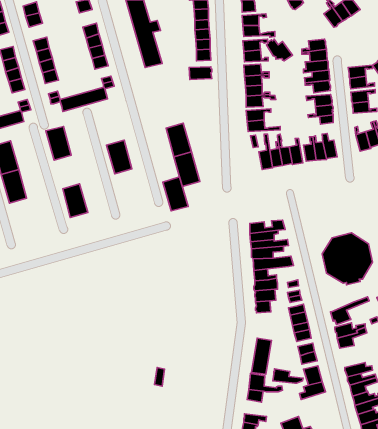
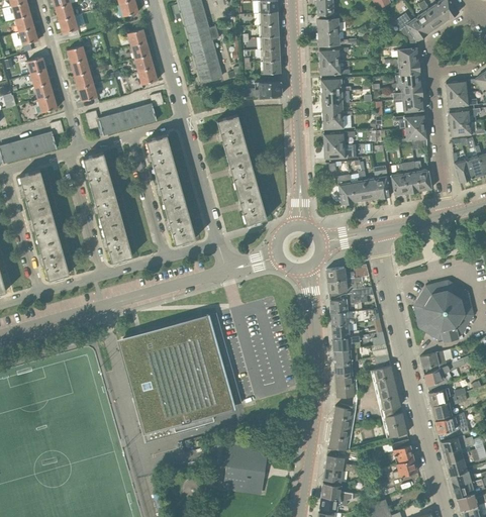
building: [267,39,293,61] -> [396,14,427,40]
building: none -> [216,114,247,154]
building: none -> [145,134,176,175]
building: none -> [92,187,122,227]
building: [163,177,188,211] -> [165,203,195,243]
building: none -> [38,238,69,279]
building: none -> [120,310,236,439]
building: none -> [419,350,452,375]
building: none -> [334,375,354,397]
building: none -> [435,416,469,439]
building: [273,369,303,383] -> [320,483,357,500]
building: none -> [224,444,267,492]

